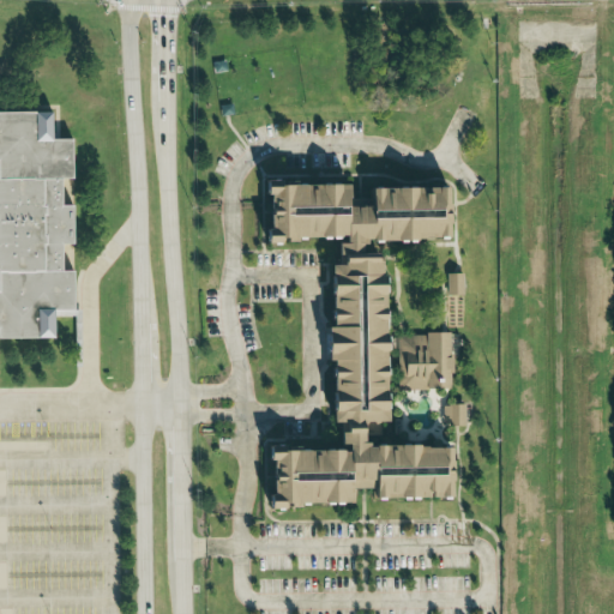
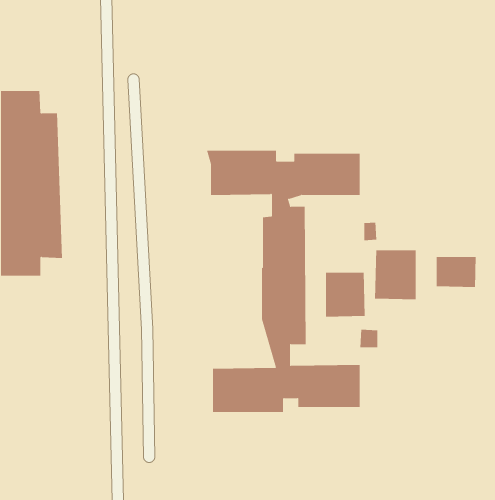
building: none -> [375,249,416,300]
building: none -> [436,256,476,288]

